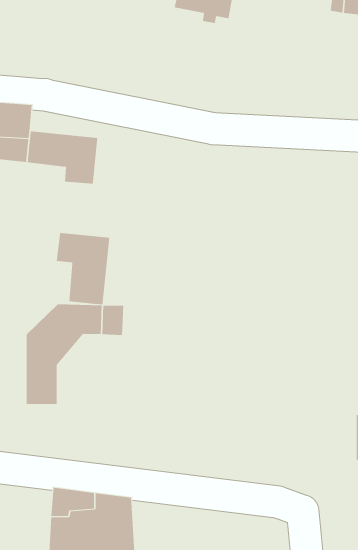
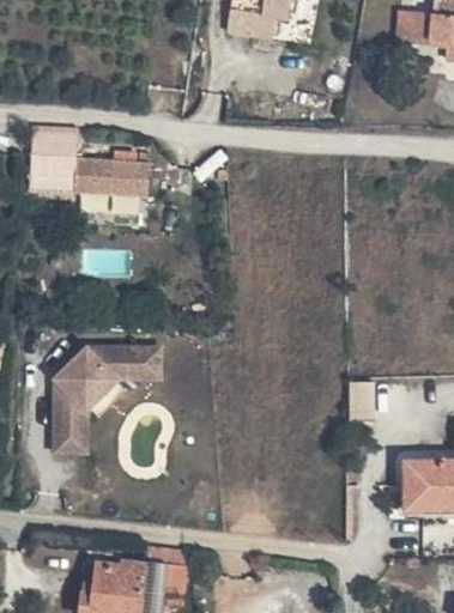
building: [56,232,110,305] -> none

